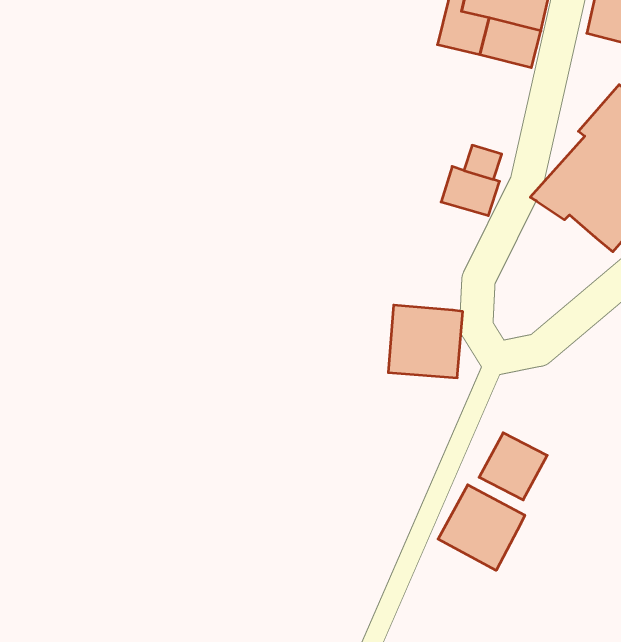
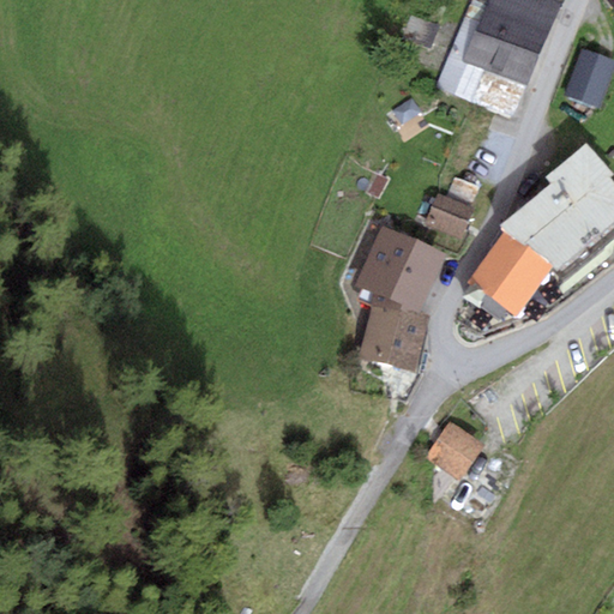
building: none -> [470,229,549,313]
building: none -> [356,224,447,312]
building: [438,485,525,570] -> none

